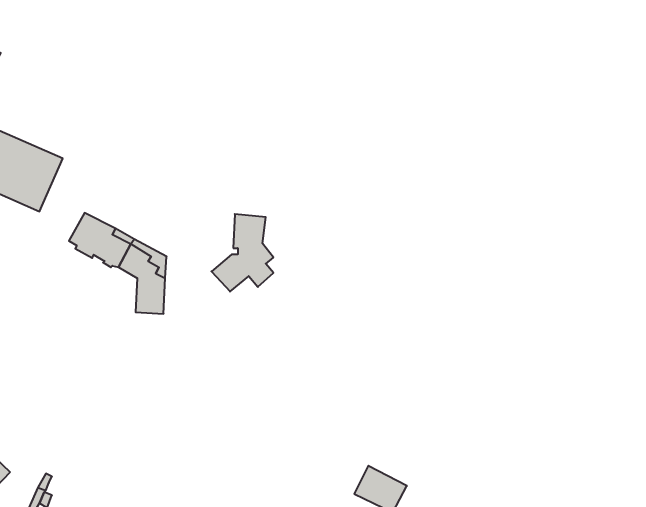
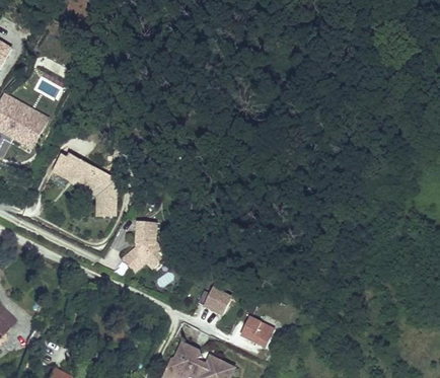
building: [211,214,273,292] -> [122,221,162,272]
building: none -> [198,289,231,314]

